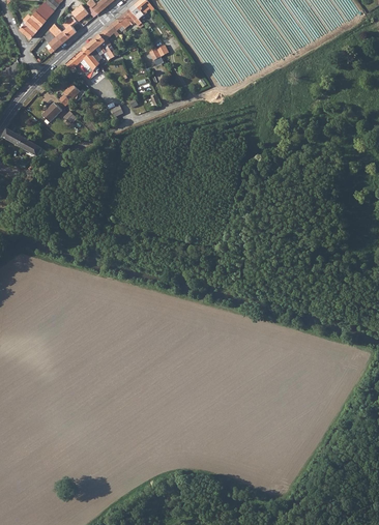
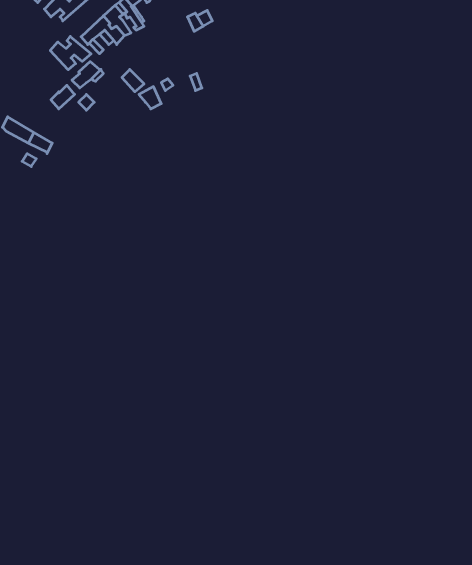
building: none -> [50,36,91,70]

